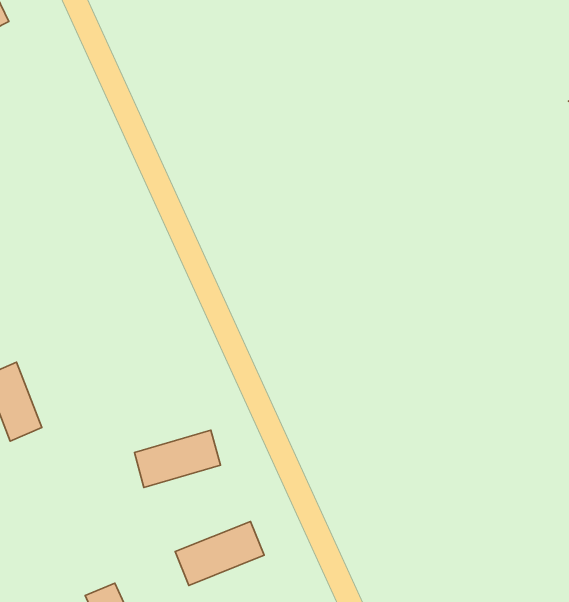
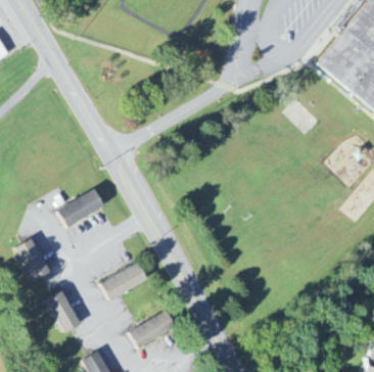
building: none -> [57,187,105,227]
building: none -> [48,290,80,332]

